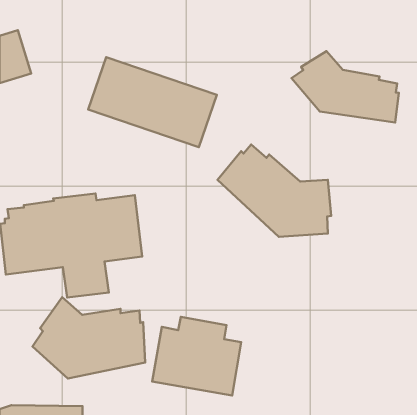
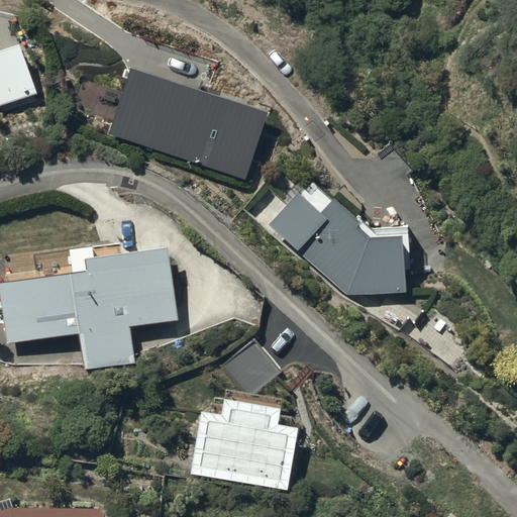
building: [292,51,399,123] -> none
building: [33,297,145,379] -> none

